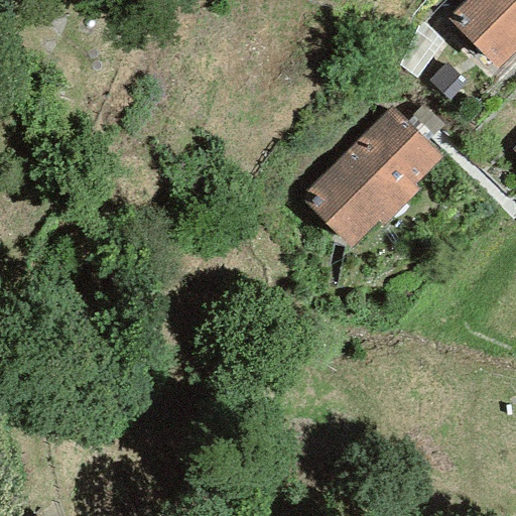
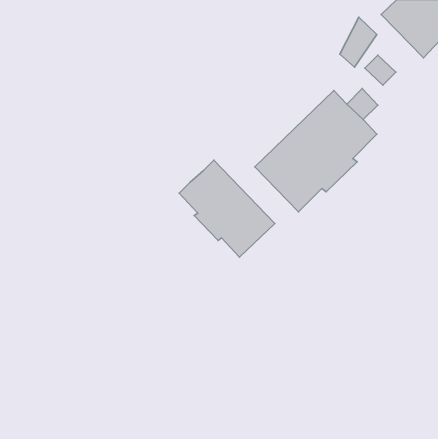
building: none -> [179,160,275,257]

